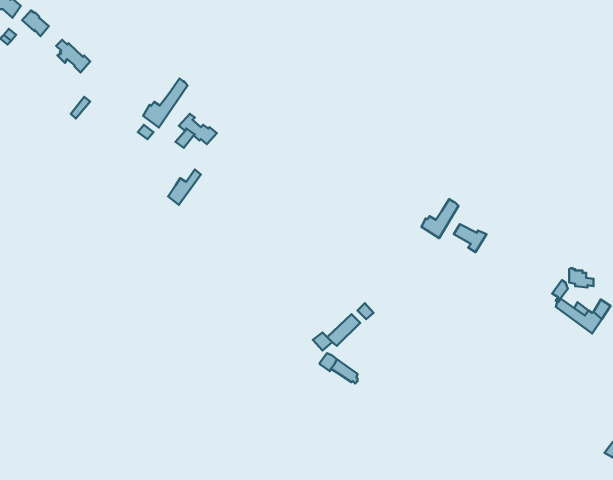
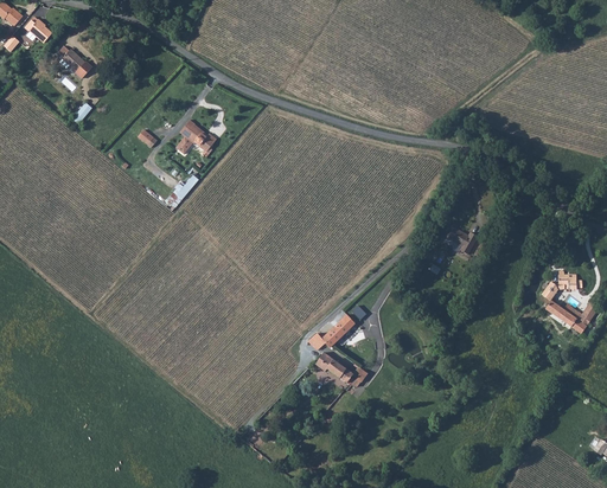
building: [143,78,188,127] -> none
building: [422,199,459,238] -> none

